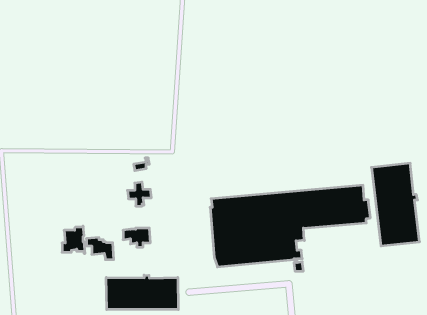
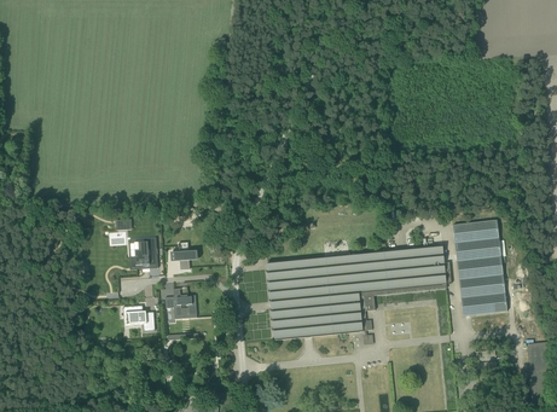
building: [62,226,85,253] -> [132,237,158,268]
building: [106,275,178,310] -> none

